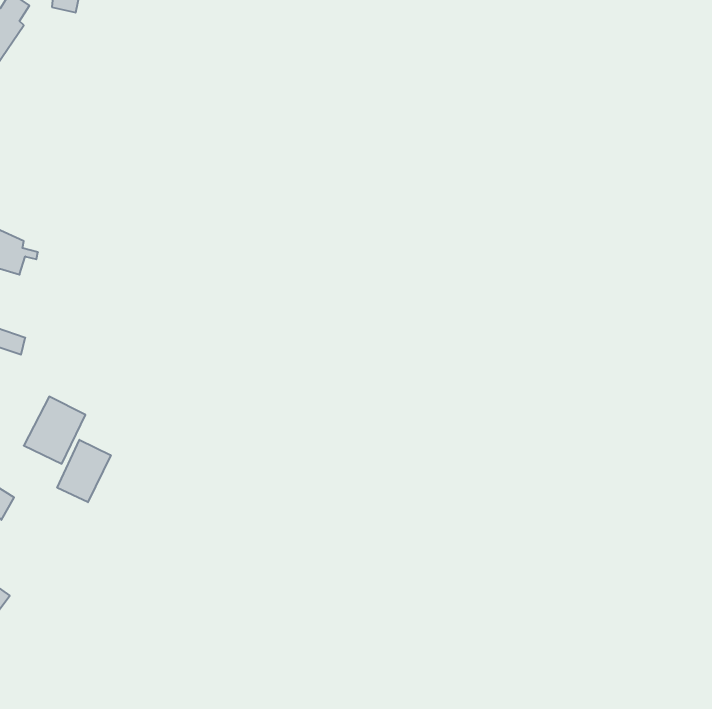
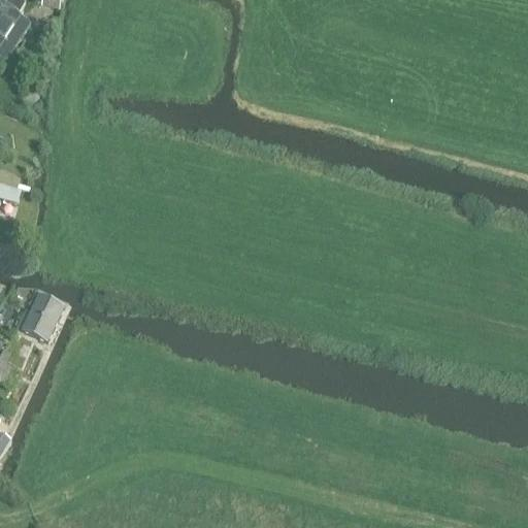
building: [57,440,111,502] -> none

